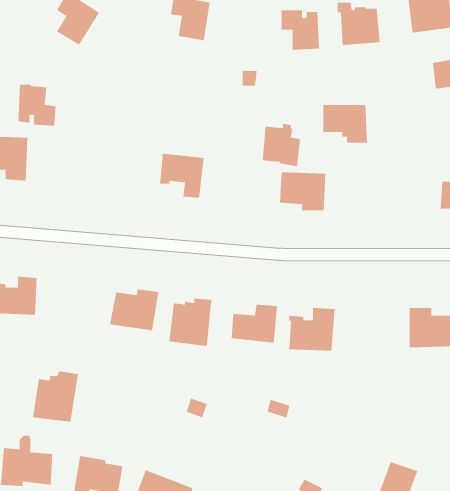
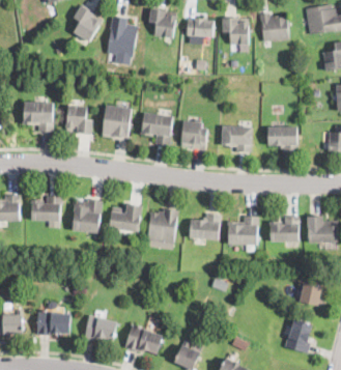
building: none -> [106,16,137,57]
building: none -> [186,18,212,36]
building: [18,84,57,126] -> [66,105,92,133]
building: [323,104,368,143] -> [267,126,297,152]
building: [262,123,301,167] -> [180,119,206,148]
building: none -> [102,105,132,138]
building: none -> [269,216,299,241]
building: [32,371,79,422] -> [70,198,102,232]
building: none -> [297,280,322,305]

